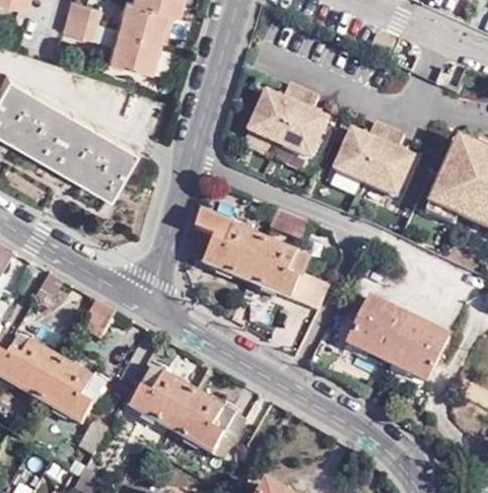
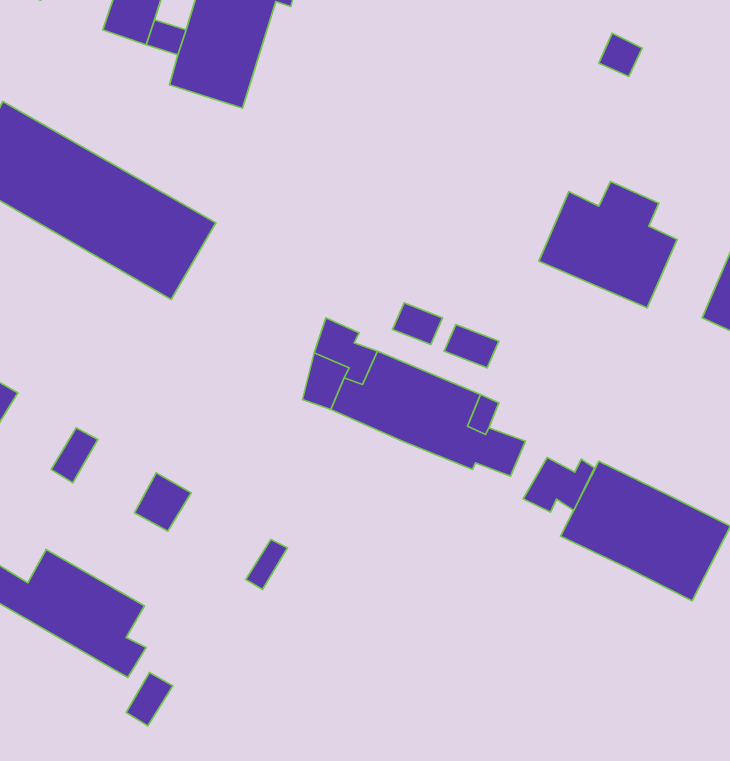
building: [247,84,331,161] -> none
building: none -> [523,457,595,512]
building: [130,367,225,452] -> none

